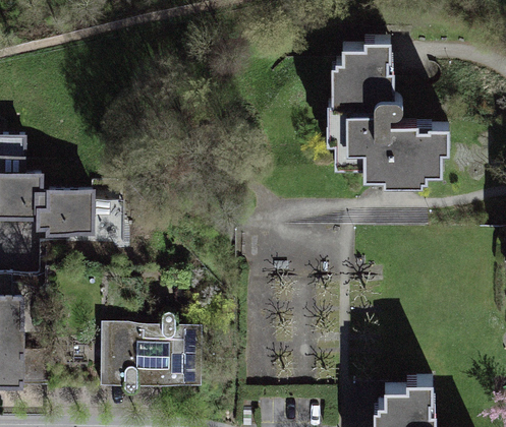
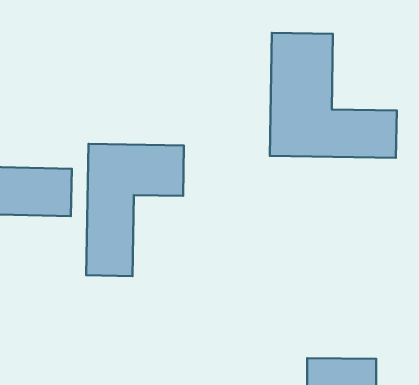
building: none -> [86,144,184,276]
building: [101,327,208,387] -> none

